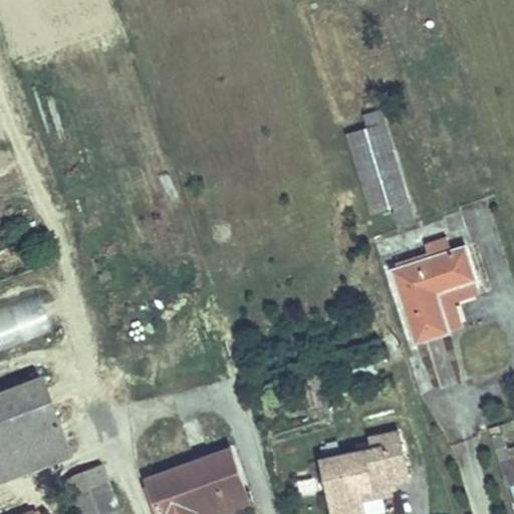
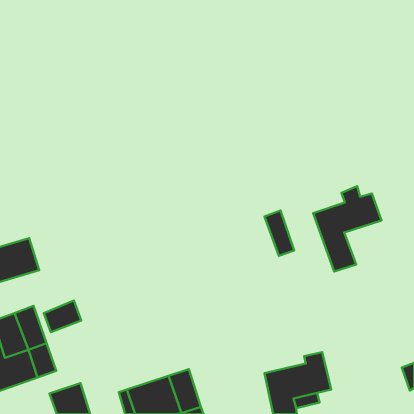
building: [342,119,403,207] -> none
building: none -> [265,211,294,256]
building: [425,272,476,326] -> none
building: none -> [44,301,81,332]

